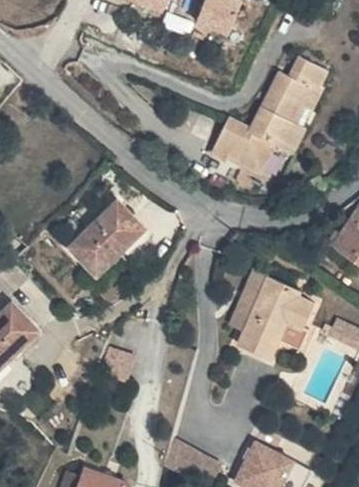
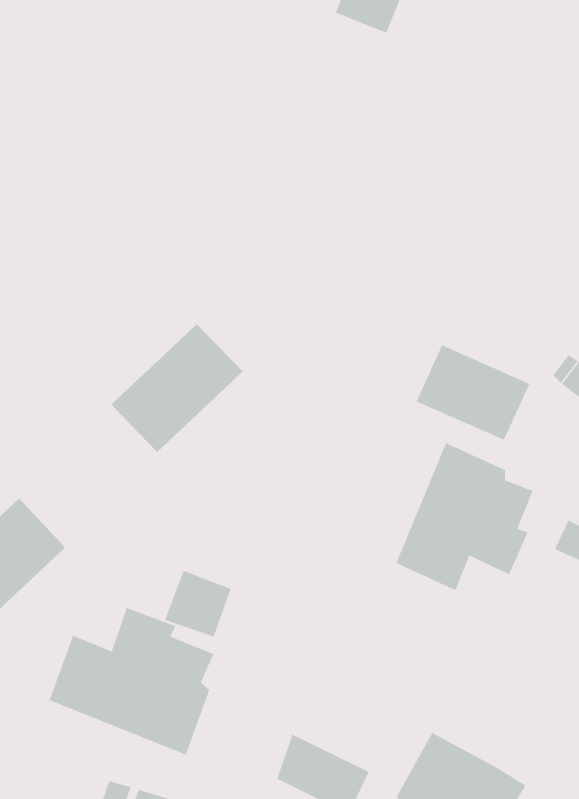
building: [211,59,324,170] -> none
building: none -> [416,345,530,441]
building: none -> [49,607,214,756]

